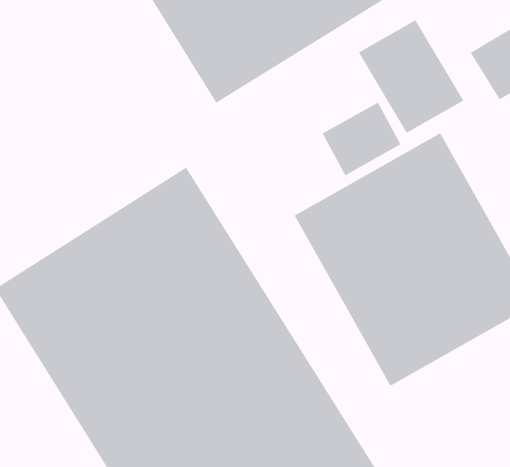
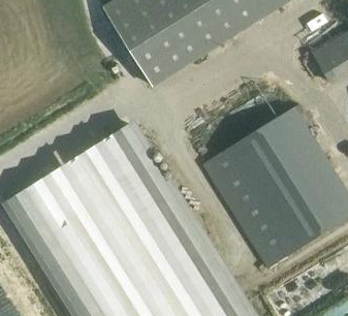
building: [358,20,464,134] -> none
building: [322,102,401,176] -> none

